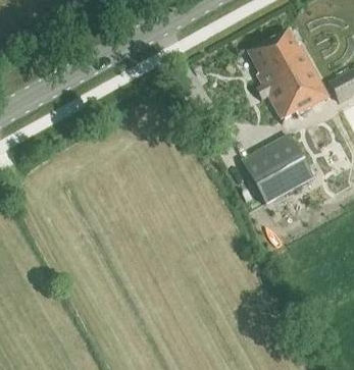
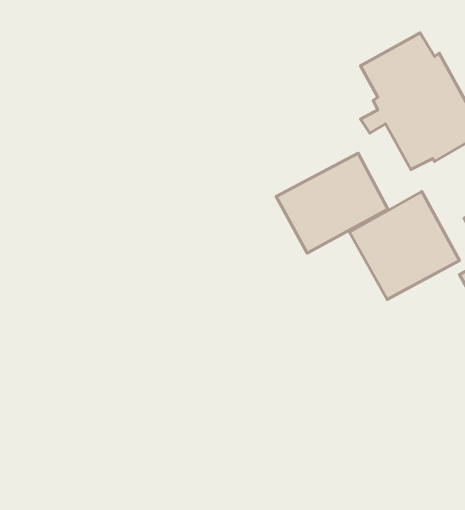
building: none -> [276,153,388,253]

